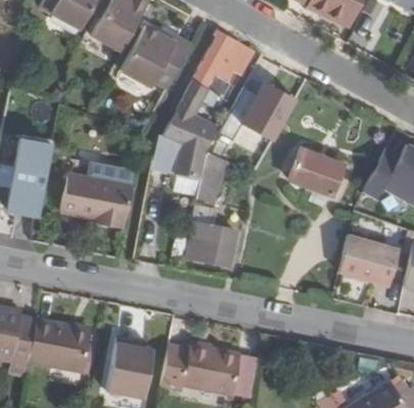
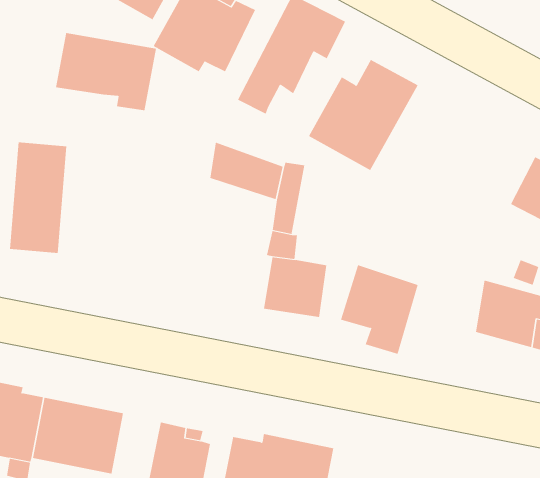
building: [157,107,221,154] -> none
building: [287,138,342,201] -> [340,265,418,355]
building: [63,173,135,228] -> [55,32,157,111]

